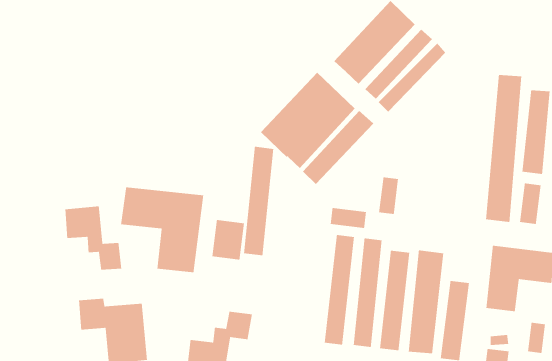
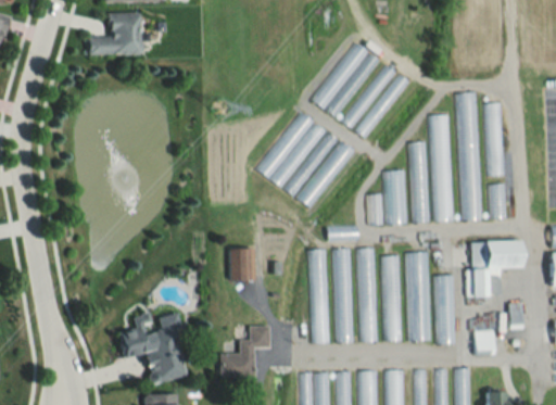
building: none -> [430,115,451,222]
building: none -> [409,142,427,223]
building: [243,146,274,256] -> [308,250,328,343]
building: none -> [384,170,405,225]
building: [120,186,204,273] -> none
building: [65,206,122,271] -> none

